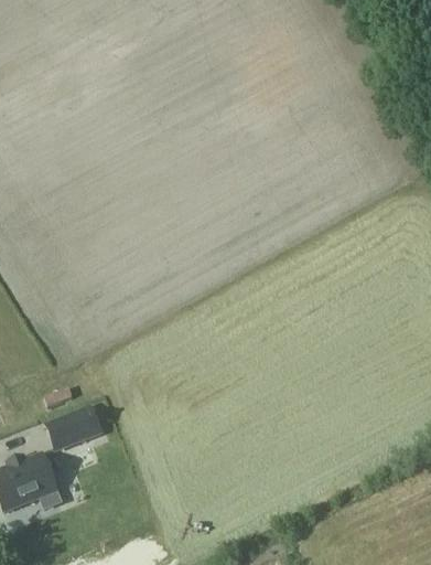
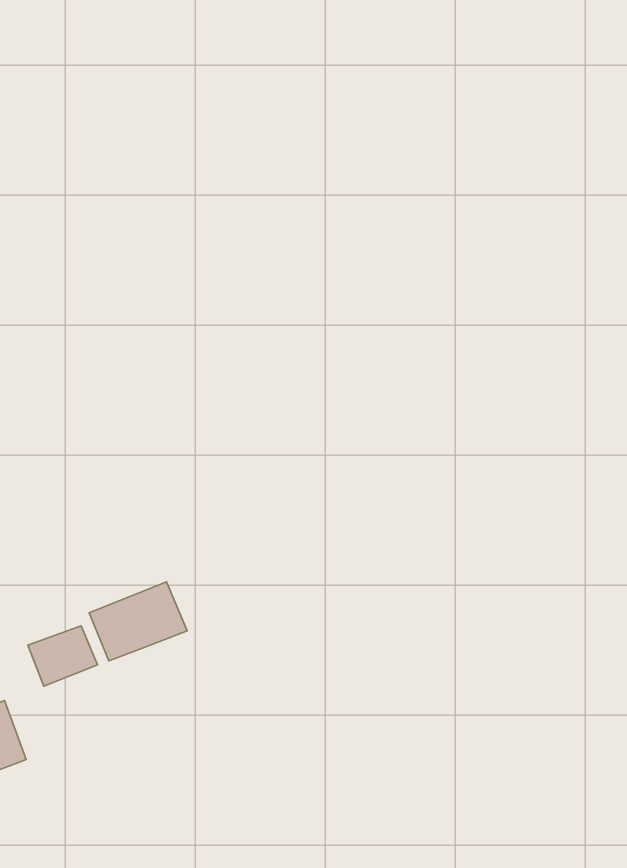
building: none -> [89,582,187,661]

